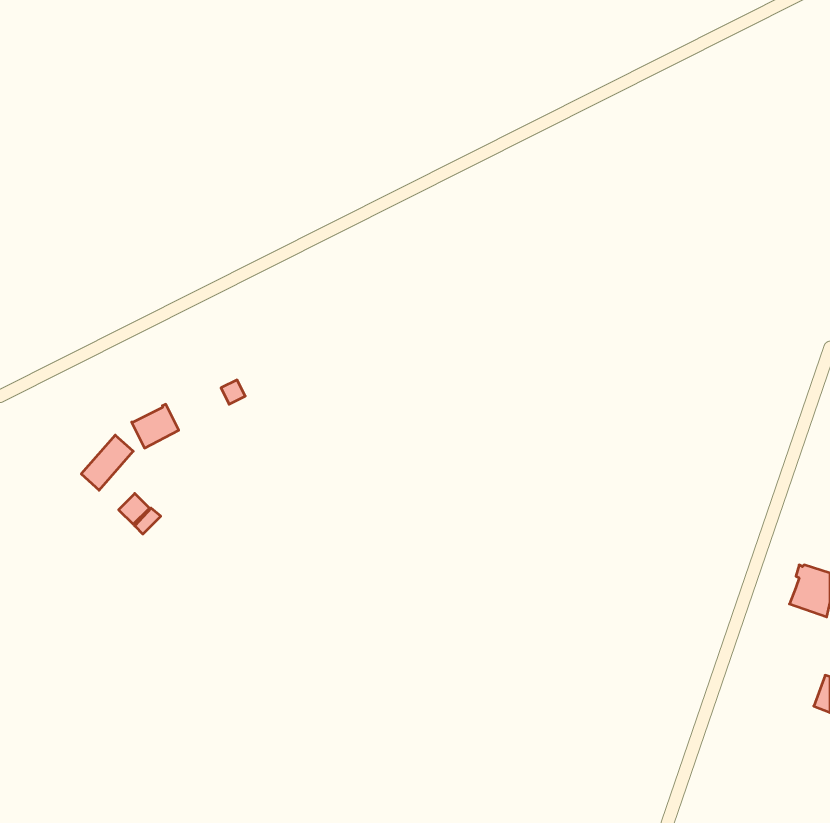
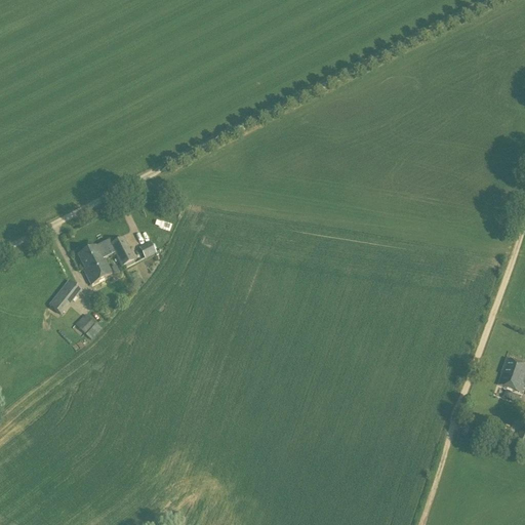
building: none -> [78,235,135,267]

